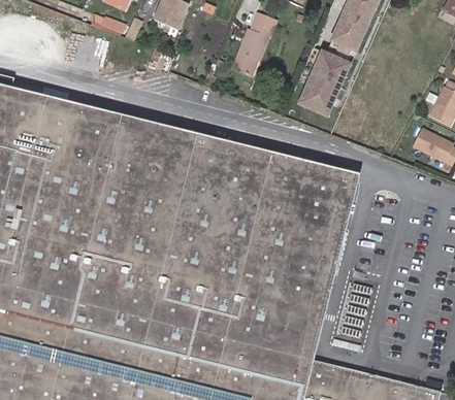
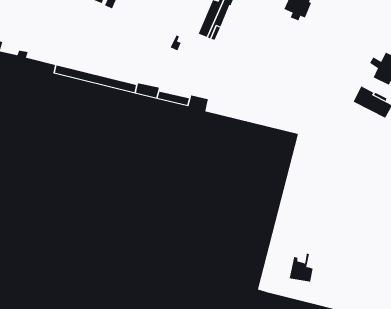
building: [296,53,348,115] -> none
building: [241,146,359,361] -> none

